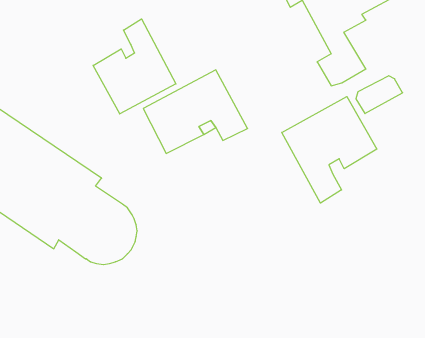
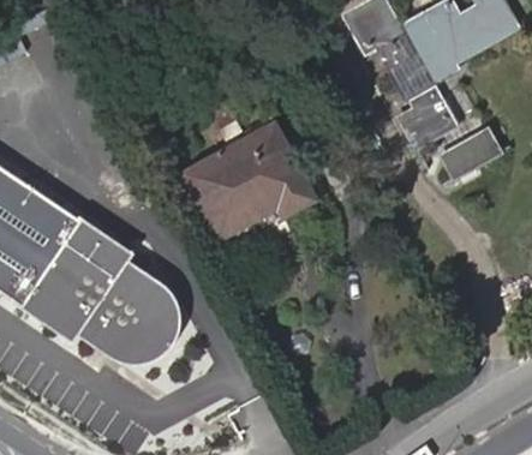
building: [93,19,176,114] -> none
building: [282,97,377,203] -> none

